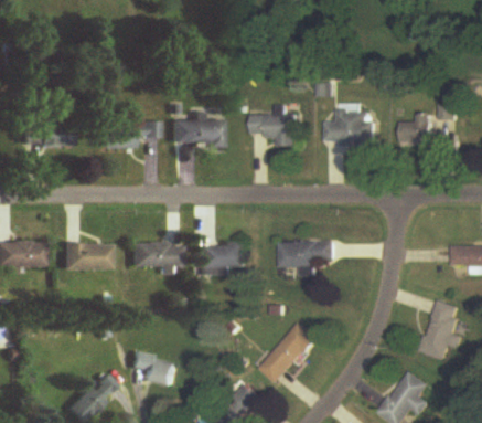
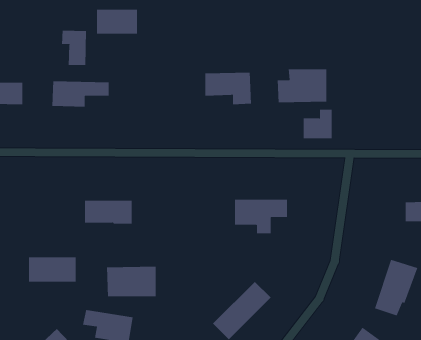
building: none -> [61,30,86,66]
building: [403,113,432,142] -> [303,109,332,139]
building: [180,119,222,145] -> [96,9,138,34]
building: [197,241,248,272] -> [106,266,156,297]
building: [62,243,110,268] -> [28,257,76,282]

